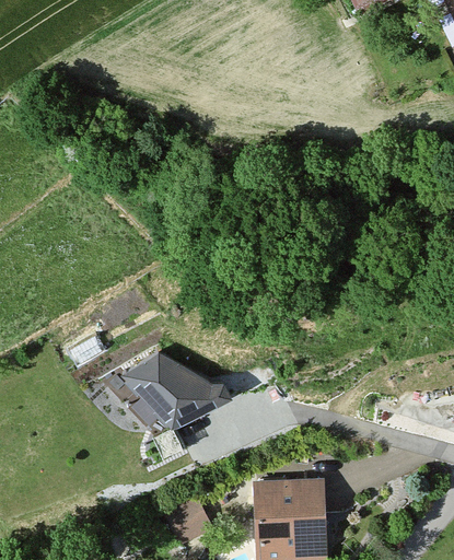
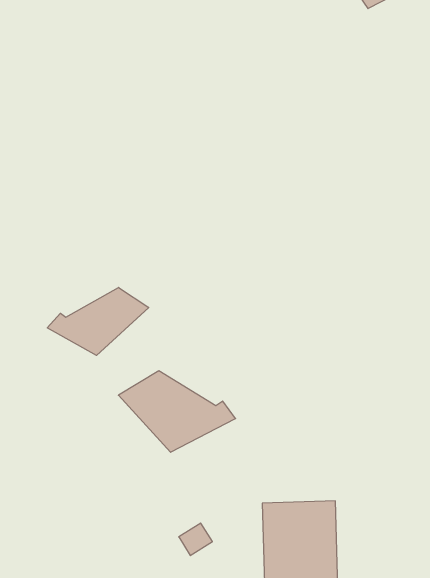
building: none -> [47,287,149,355]

